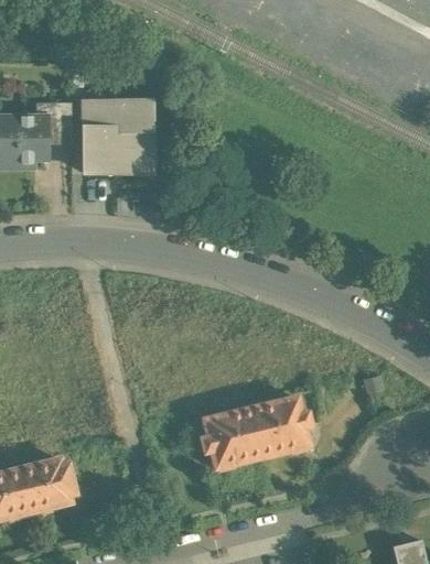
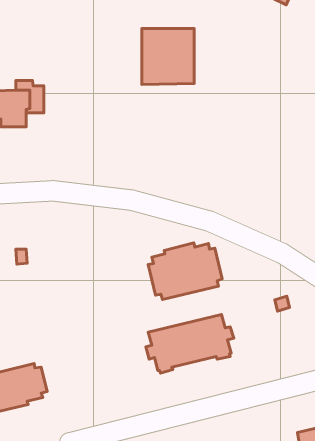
building: [83,102,149,173] -> [142,28,194,84]
building: none -> [148,243,222,300]

